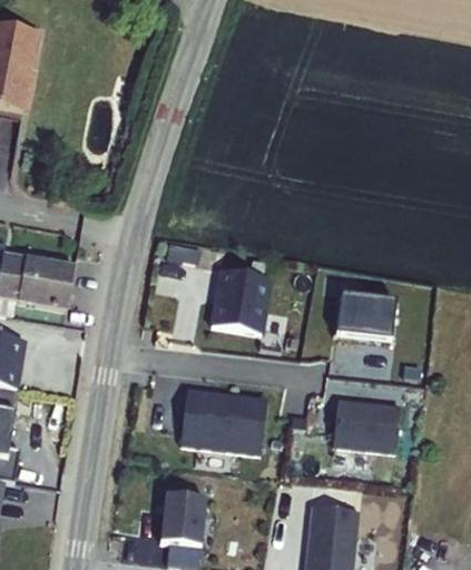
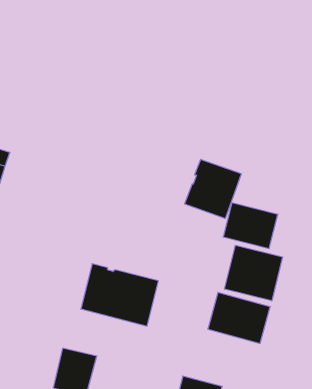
building: [209,265,271,330] -> [185,159,241,218]
building: none -> [225,245,283,301]

